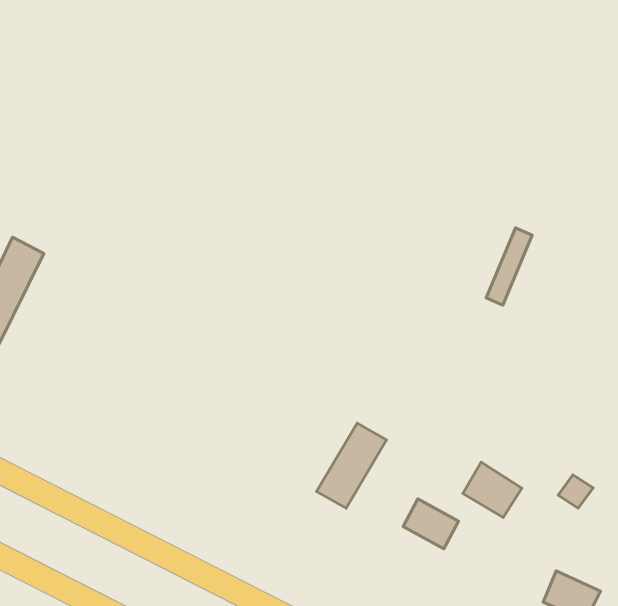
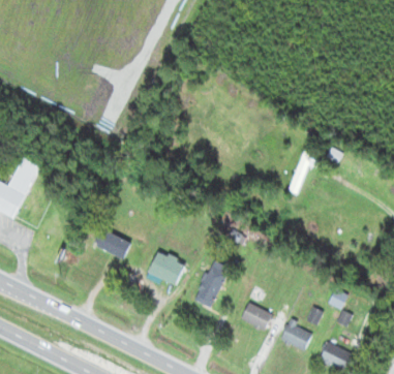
building: none -> [94,228,130,258]
building: none -> [148,250,184,283]
building: [463,462,522,518] -> [280,320,313,351]

